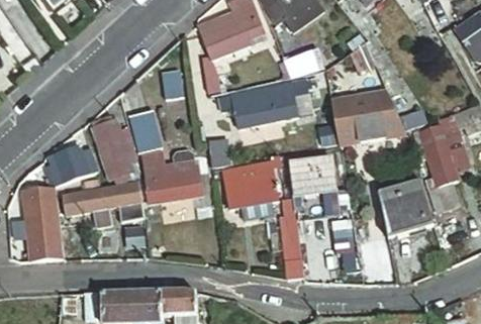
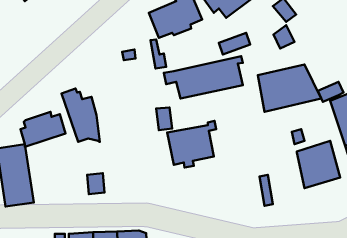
building: [130,111,161,148] -> none
building: [143,150,202,201] -> none
building: [281,157,341,267] -> none
building: [64,183,141,225] -> none

